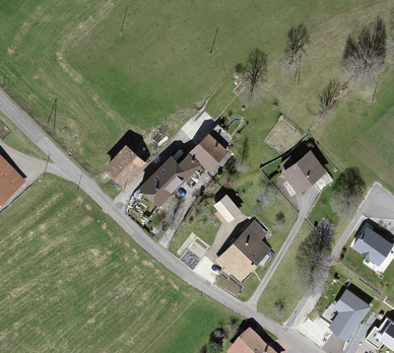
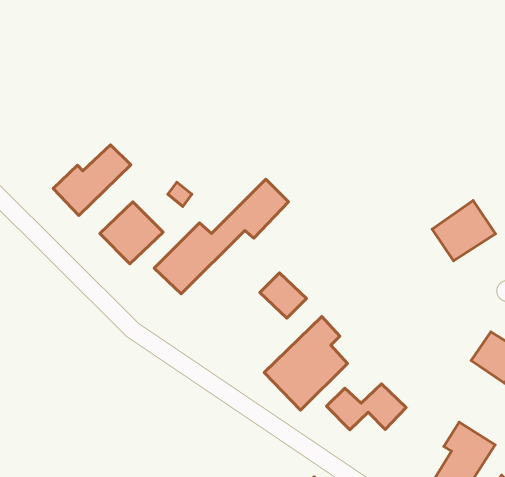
building: none -> [53,145,131,216]
building: [282,148,325,189] -> [432,201,496,261]
building: none -> [327,384,406,430]

